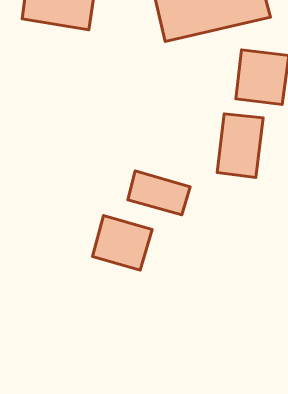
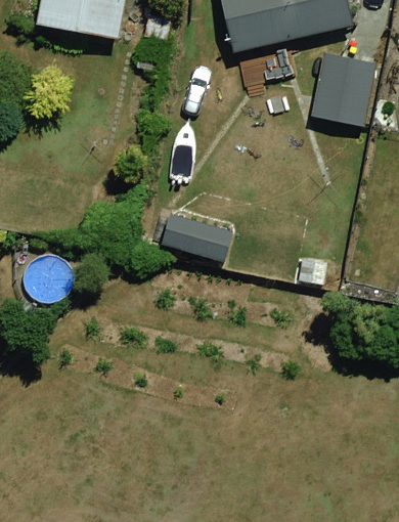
building: [217,114,263,178] -> none
building: [92,216,152,270] -> none

